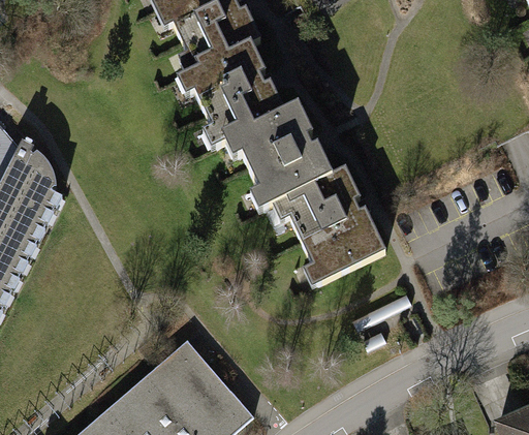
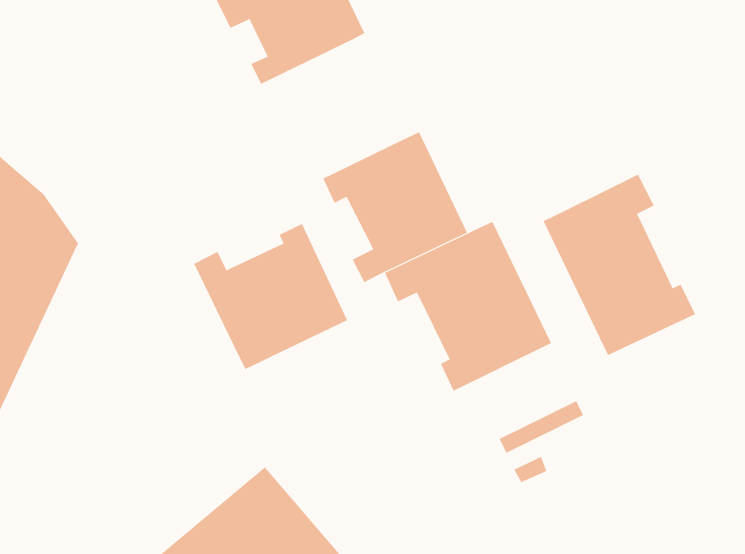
building: [174,40,283,147] -> none
building: none -> [543,174,696,356]
building: none -> [194,223,348,370]

